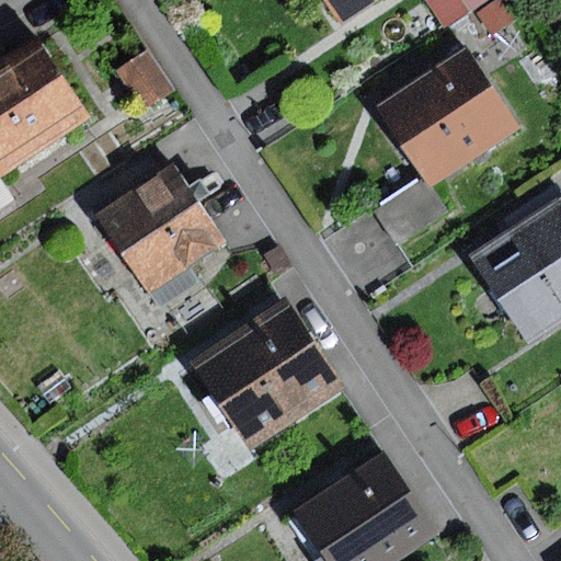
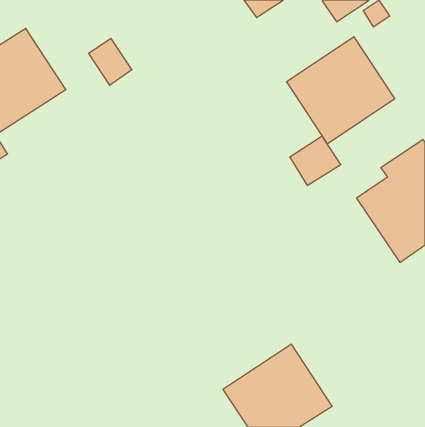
building: [92,161,226,309] -> none
building: [193,301,345,448] -> none

